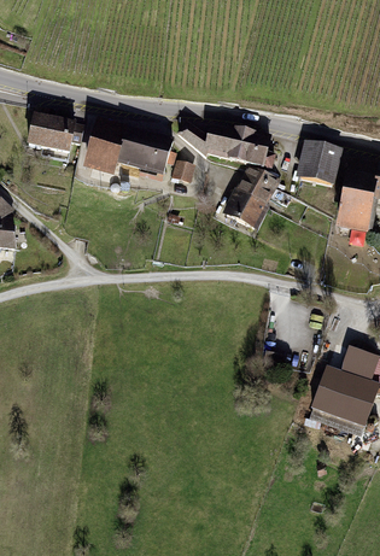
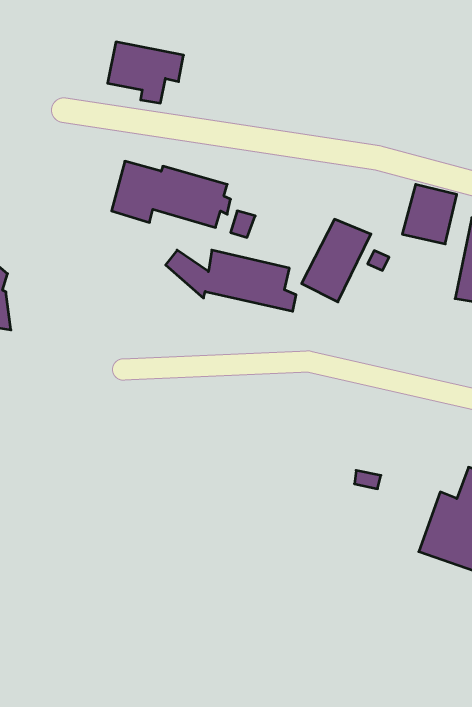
building: [28,116,83,160] -> [108,42,184,103]
building: [177,123,273,168] -> [166,250,296,311]

